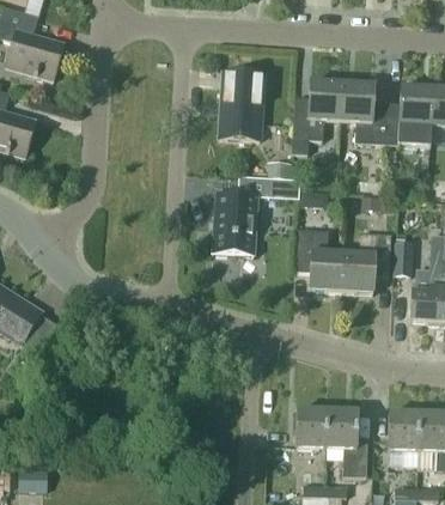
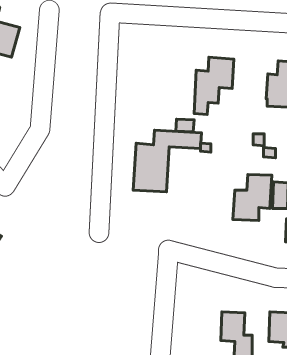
building: [218,71,263,140] -> none
building: [340,81,386,142] -> none
building: [294,227,343,290] -> none
building: [295,409,327,446] -> none

